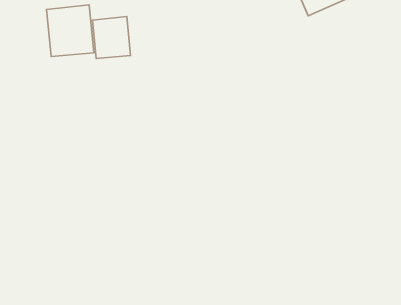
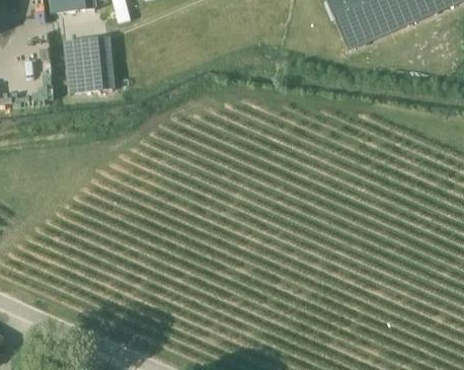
building: [92,17,130,59] -> none

